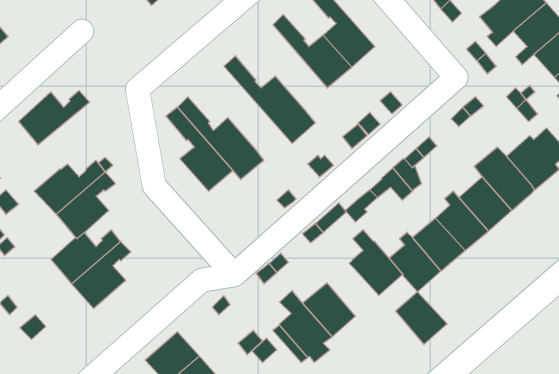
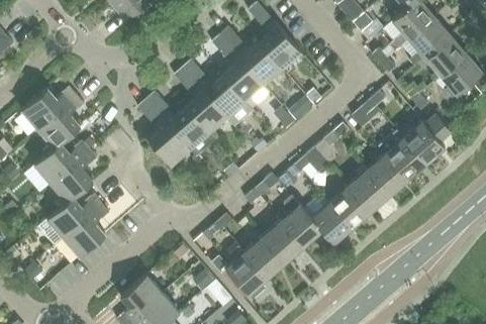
building: none -> [211,34,263,100]
building: none -> [174,67,225,132]
building: none -> [36,95,84,147]
building: [396,292,447,345] -> [263,221,303,262]

